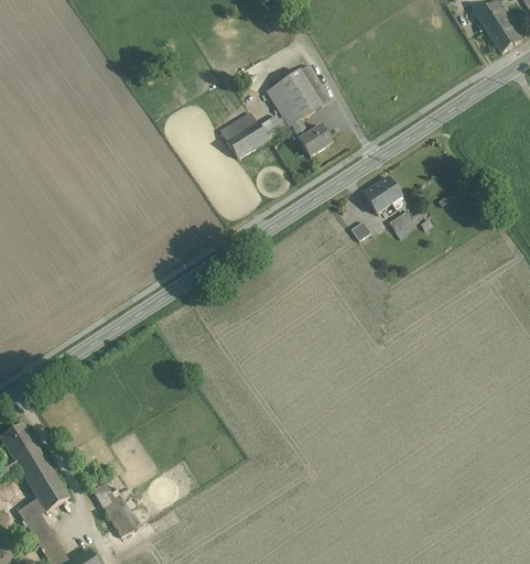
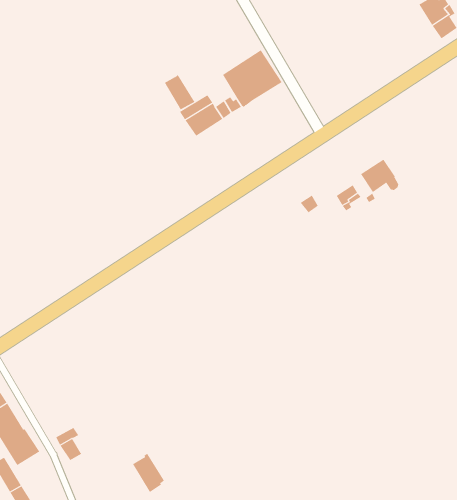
building: none -> [164,74,195,110]
building: [292,118,332,154] -> none
building: [364,175,405,212] -> [360,159,399,193]
building: [102,494,138,536] -> [132,453,165,493]

